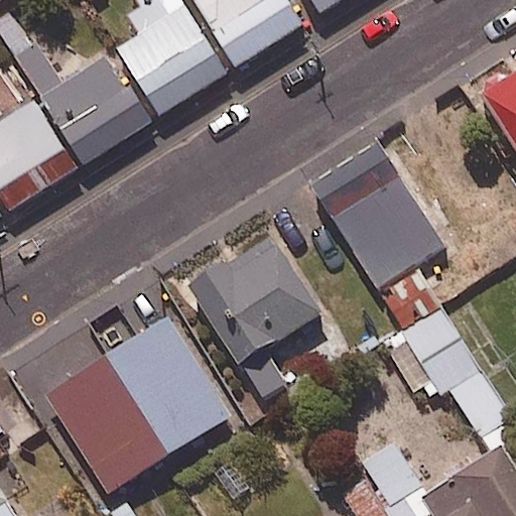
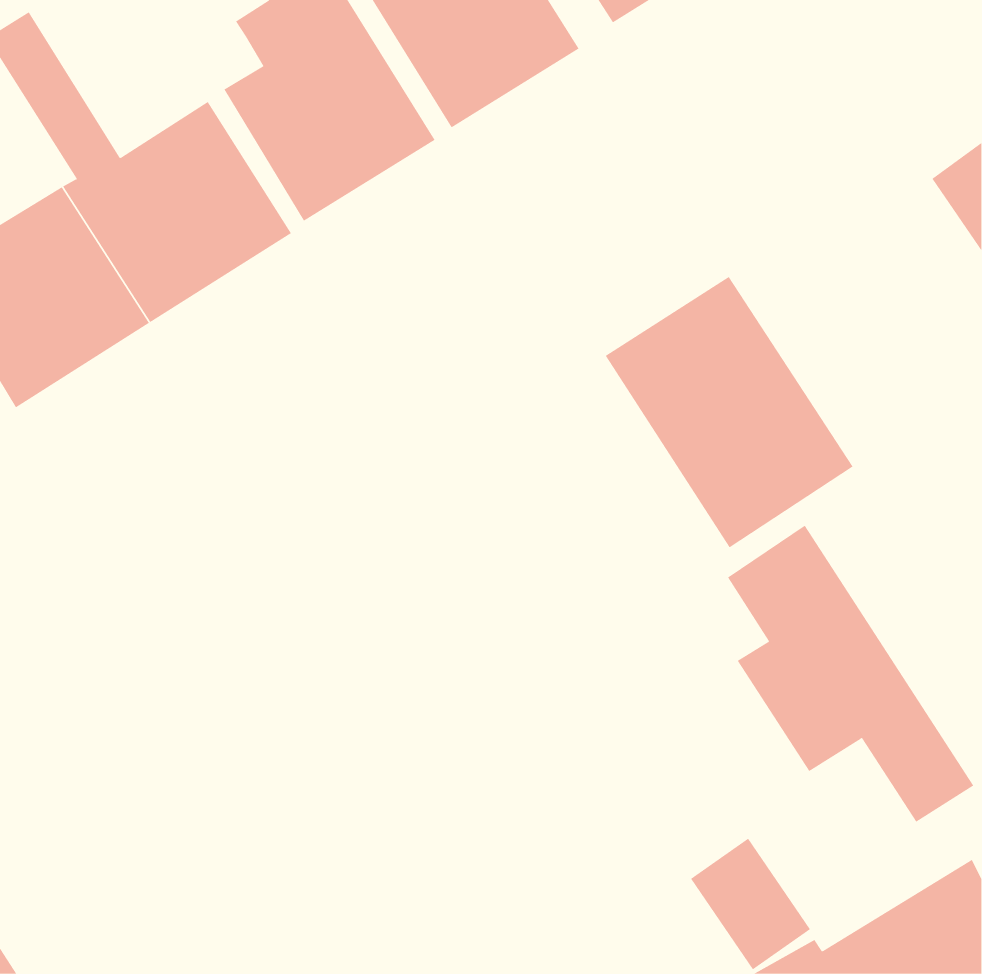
building: [181,234,321,406] -> none
building: [43,318,230,496] -> none

